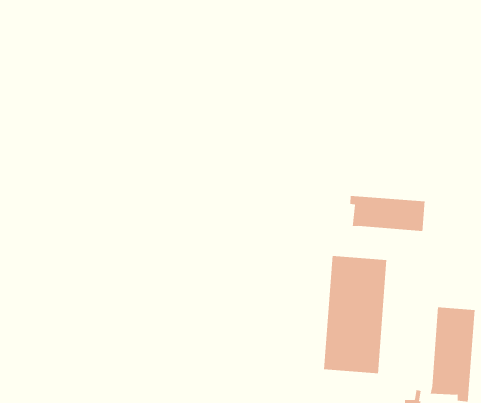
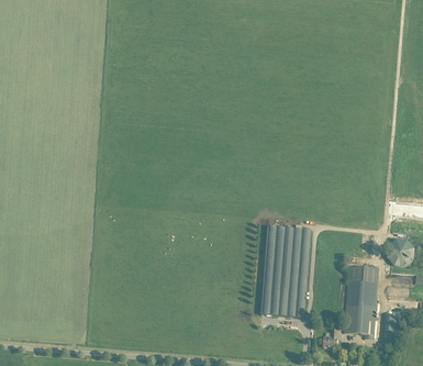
building: [350,195,425,232] -> none

